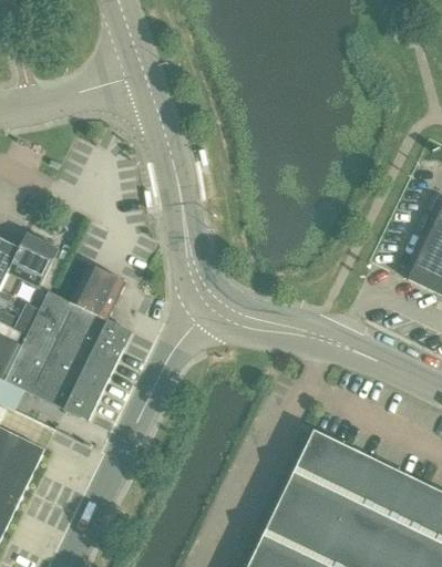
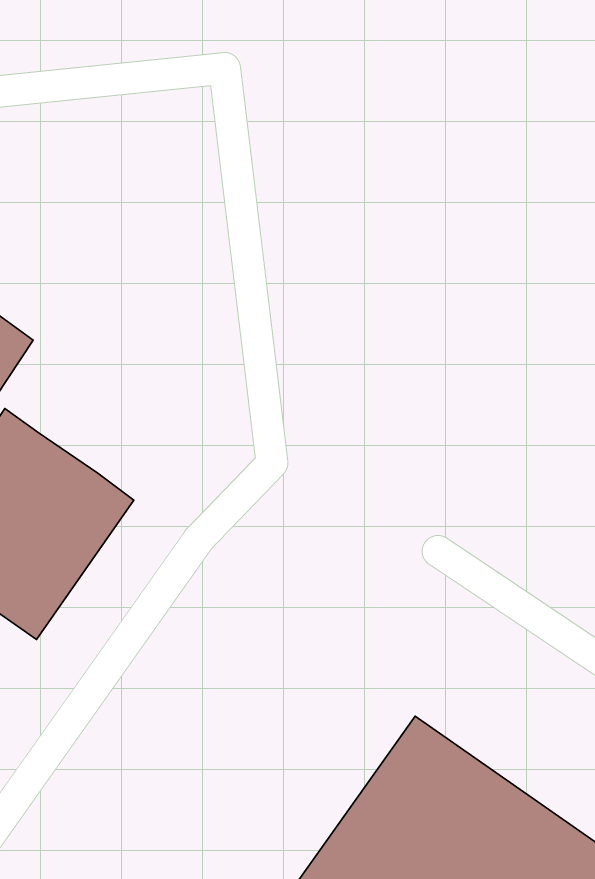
building: [70,264,126,320] -> none

